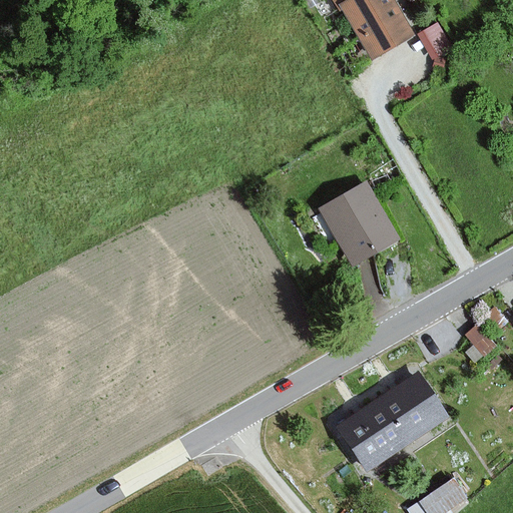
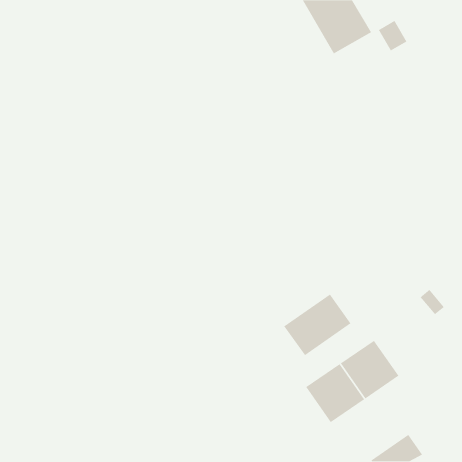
building: [324,185,397,264] -> none
building: none -> [283,294,352,356]

